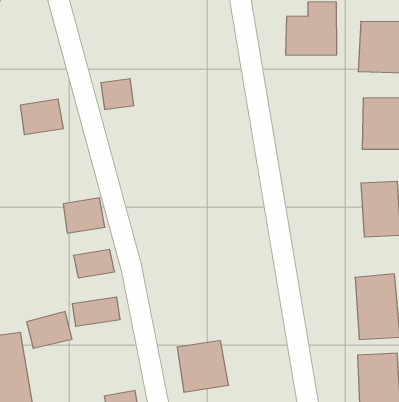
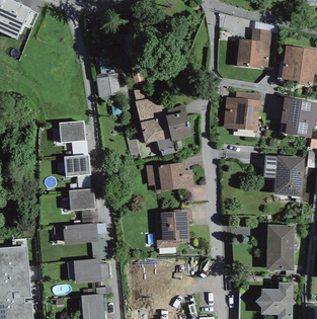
building: [20,99,63,135] -> [57,121,86,144]
building: none -> [135,92,190,143]
building: none -> [222,97,262,133]
building: none -> [151,163,188,191]
building: [27,311,72,348] -> [70,260,101,285]
building: [177,341,229,392] -> [156,212,190,246]

